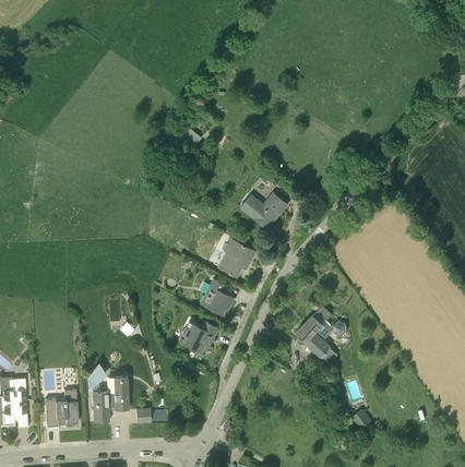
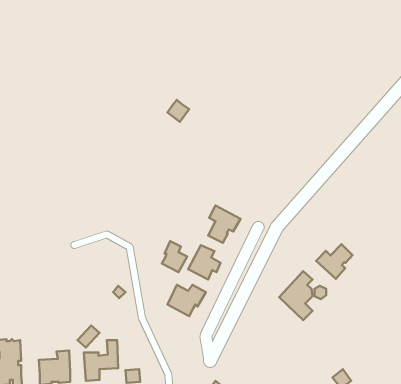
building: [242,194,287,226] -> none
building: none -> [162,241,187,272]
building: none -> [316,244,352,279]

